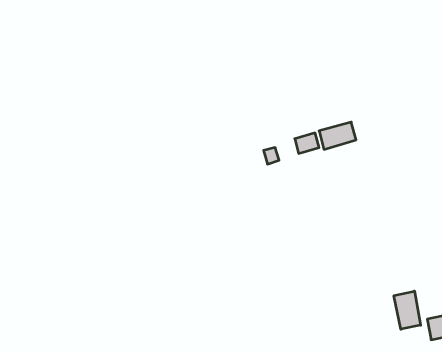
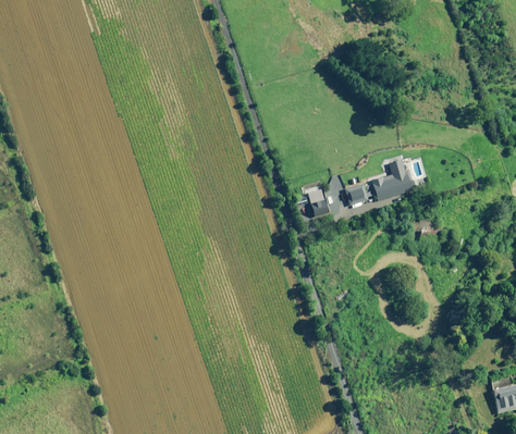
building: [394,291,421,329] -> none

